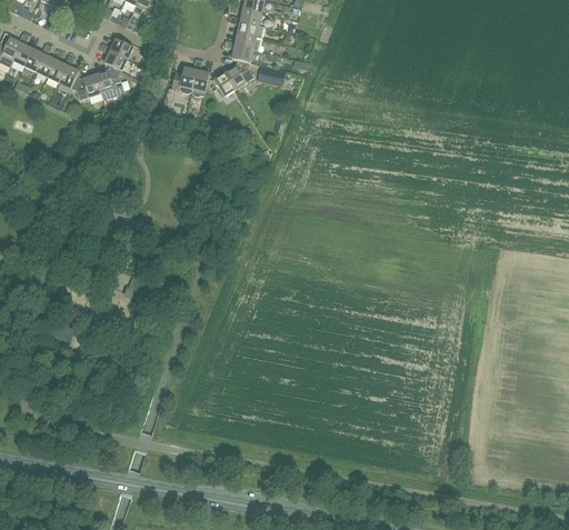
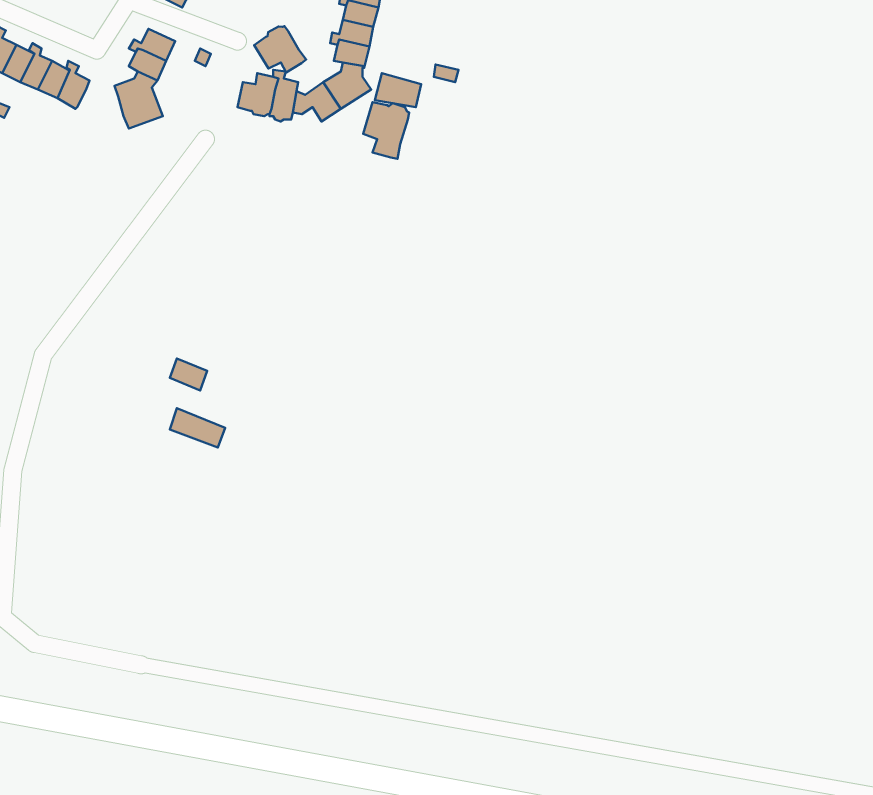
building: none -> [254,26,306,73]
building: [71,73,100,99] -> none
building: none -> [363,102,409,159]

